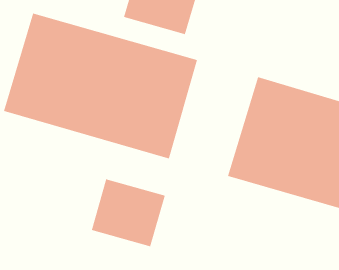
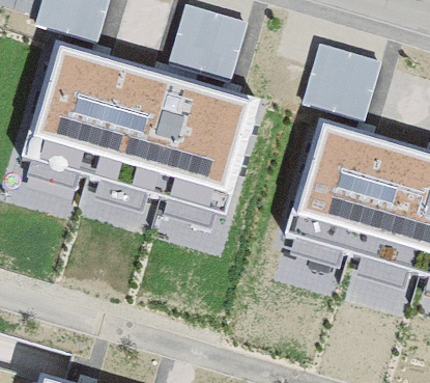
building: none -> [303,40,381,109]
building: [91,179,165,247] -> none

